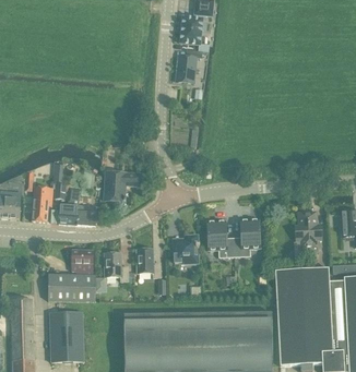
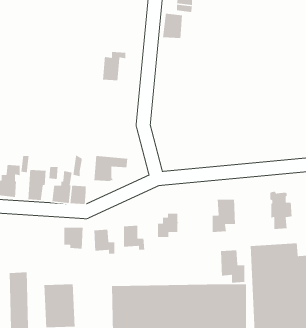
building: [176,49,202,82] -> [102,51,126,81]
building: [206,220,234,257] -> [220,250,245,283]
building: [48,274,95,301] -> none

